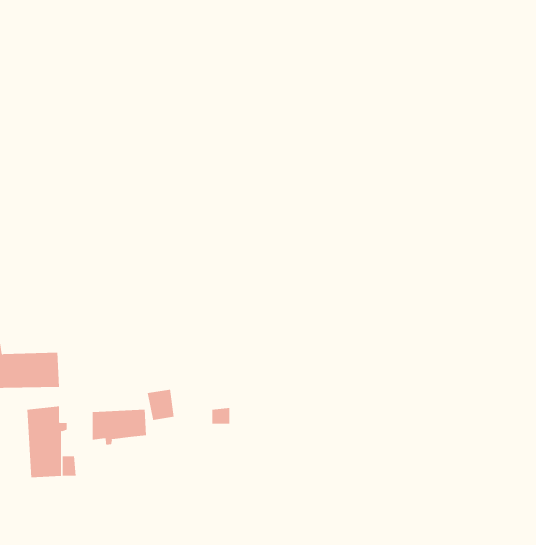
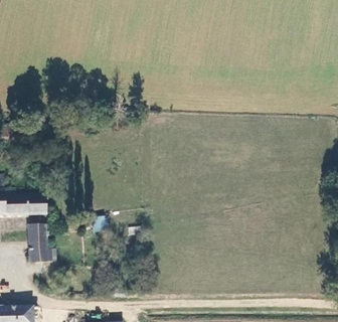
building: [92,409,146,445] -> none

